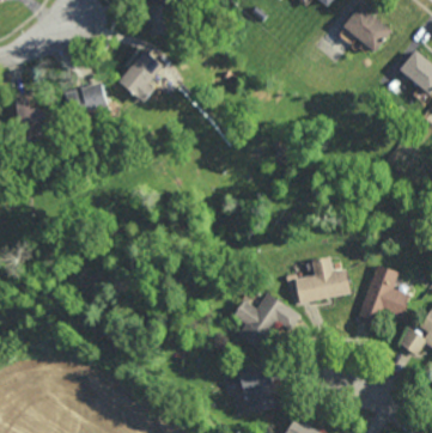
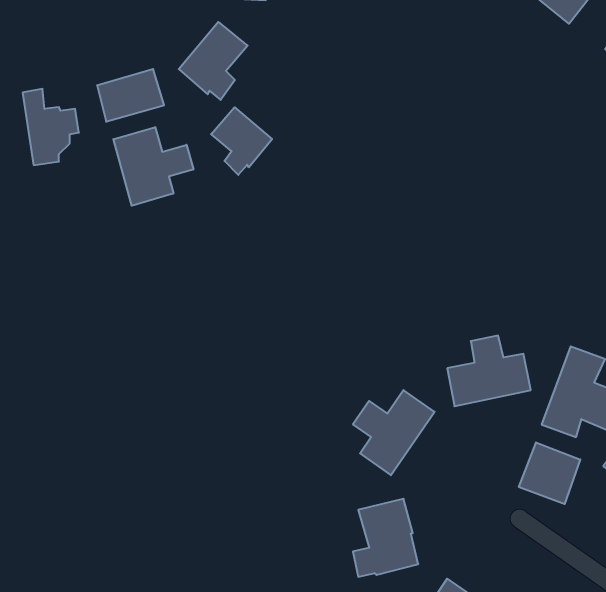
building: none -> [211,107,272,175]
building: none -> [113,127,193,206]
building: none -> [519,442,580,504]

